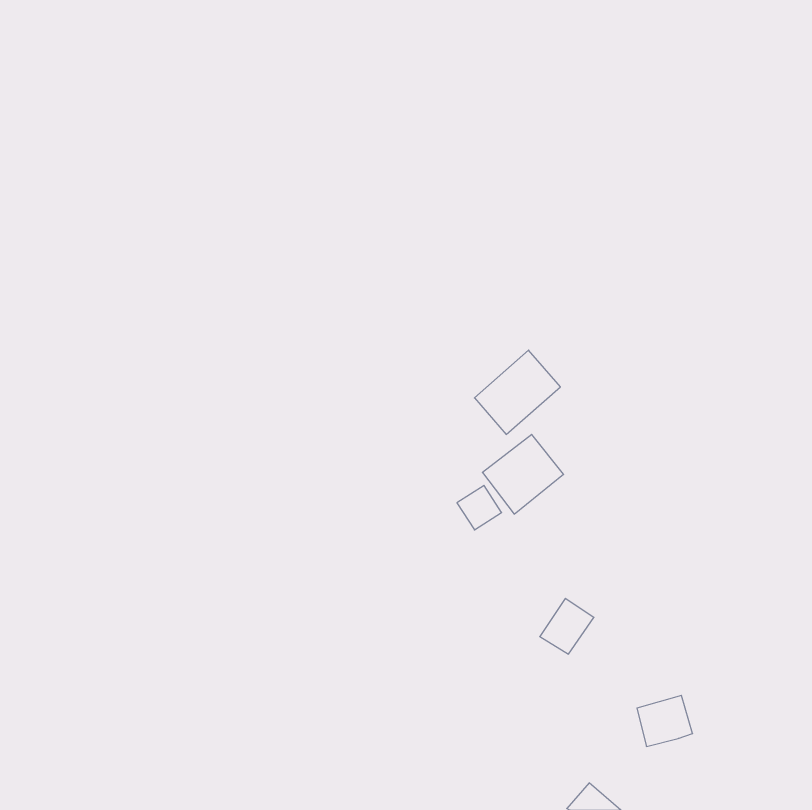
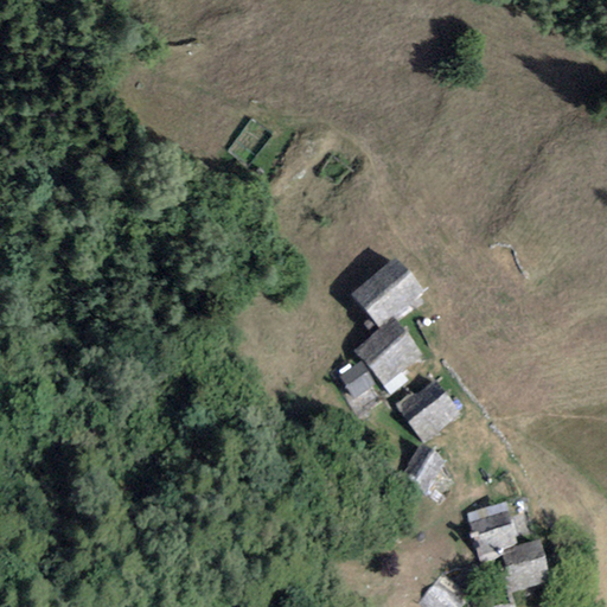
building: none -> [400,382,453,432]
building: none -> [505,541,548,588]

